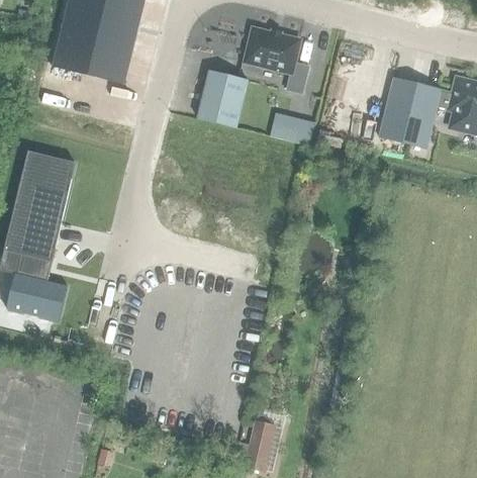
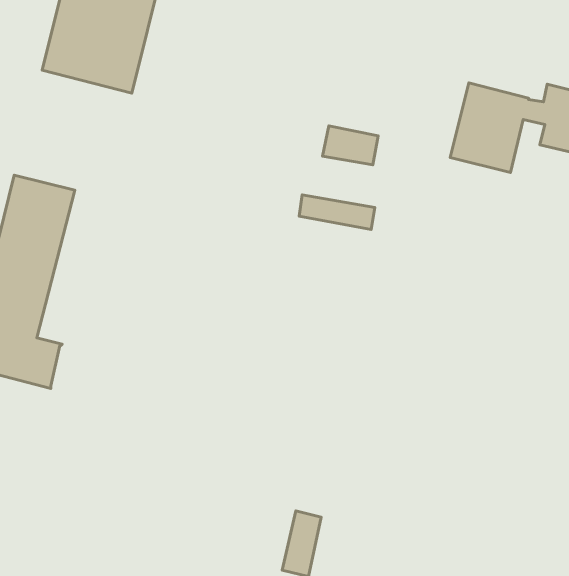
building: [244,28,308,93] -> none
building: [197,71,248,127] -> none
building: none -> [299,195,375,230]

